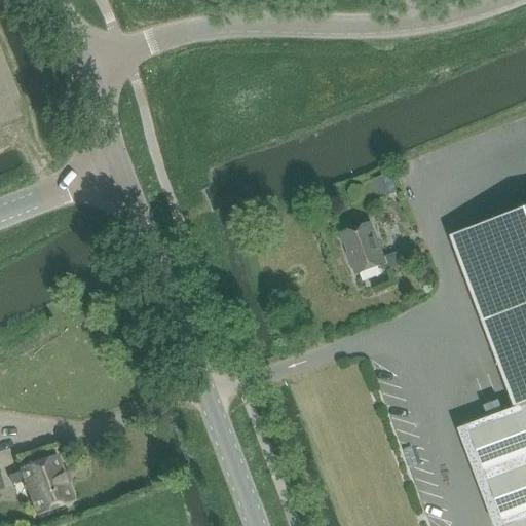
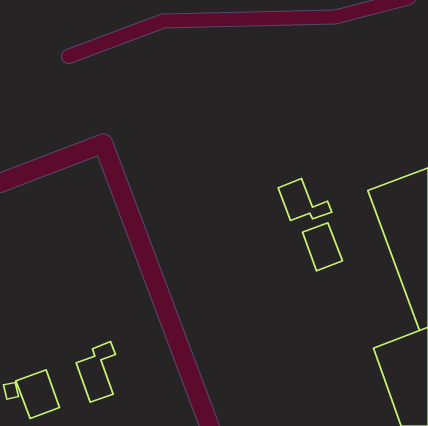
building: none -> [302,223,342,271]
building: none -> [76,341,115,402]

